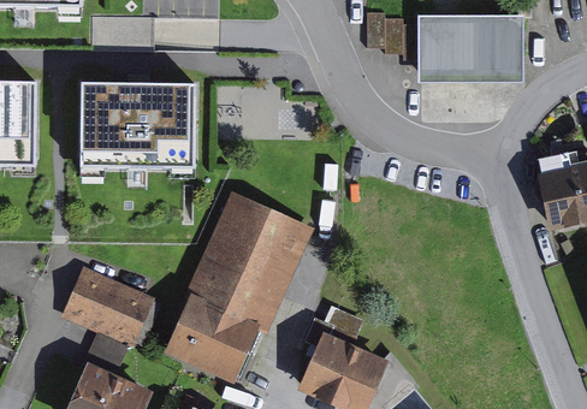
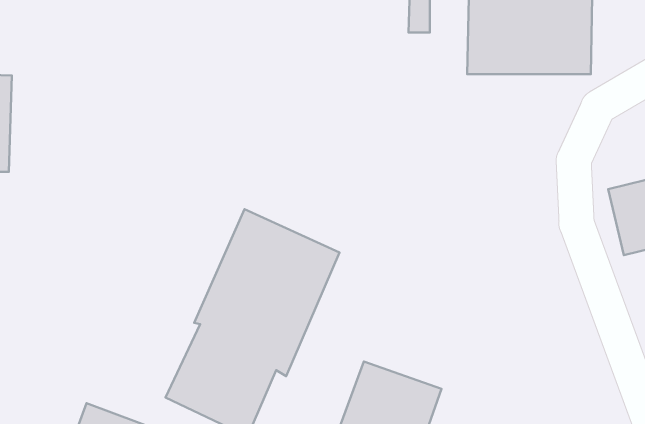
building: [79,83,192,167] -> none
building: [70,268,159,342] -> none

